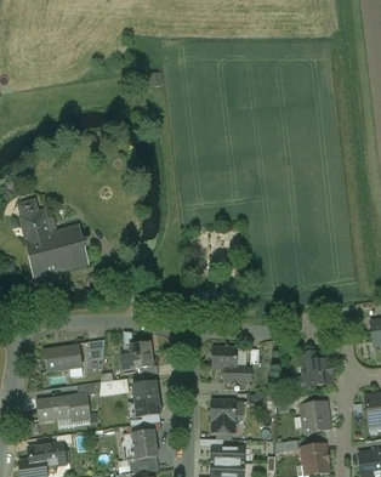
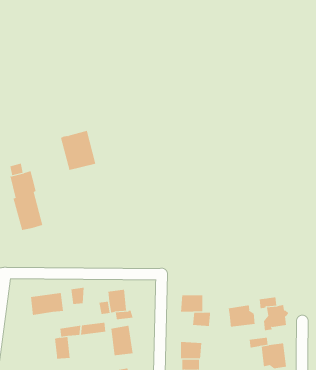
building: [49,225,89,269] -> [60,130,96,170]
building: none -> [228,305,255,328]
building: [36,394,73,420] -> none

